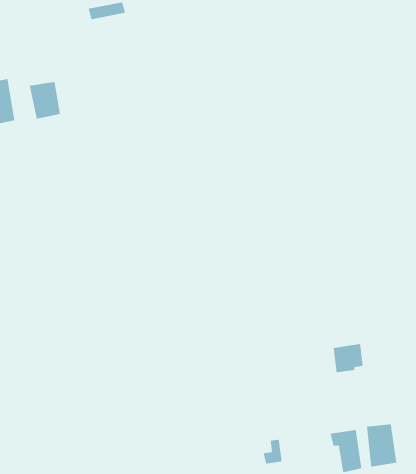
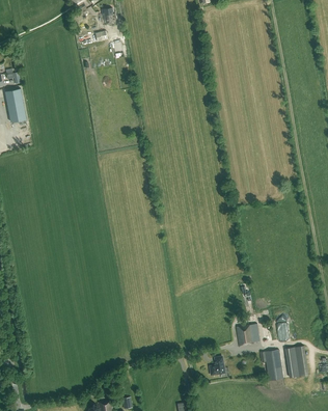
building: [29,81,60,119] -> none
building: [333,344,364,373] -> [236,324,258,346]

